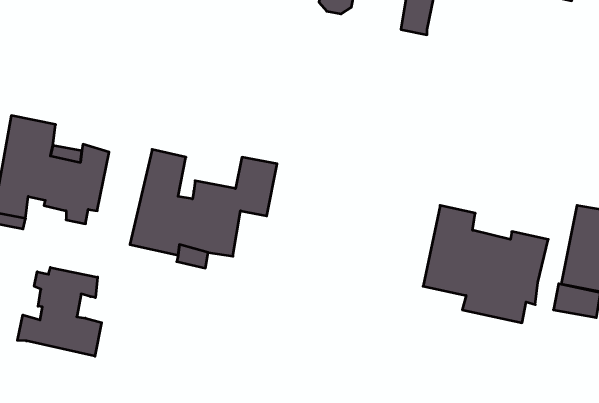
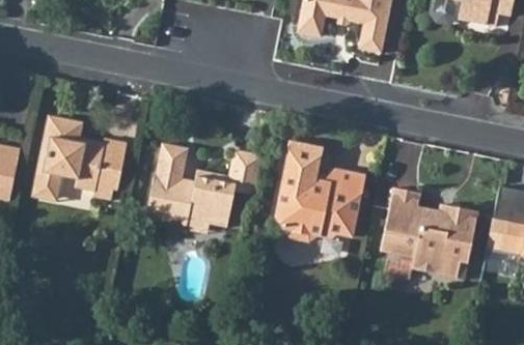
building: none -> [275,140,363,241]
building: [17,267,102,356] -> none

